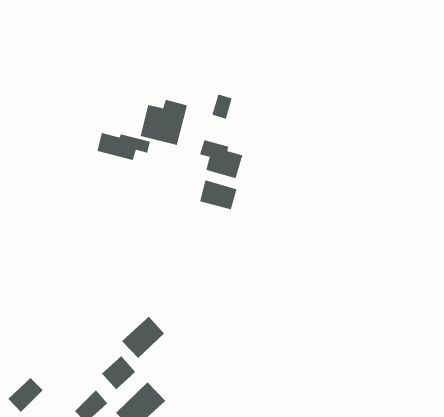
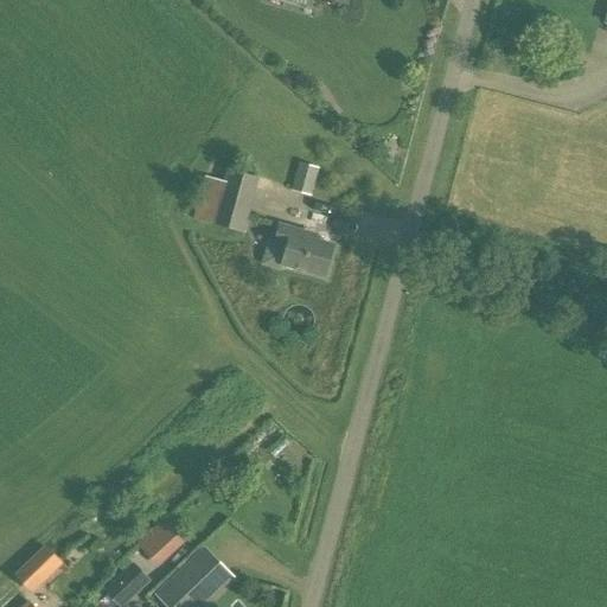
building: [97,132,151,161] -> none
building: [199,180,237,210] -> none
building: [121,316,165,359] -> none

